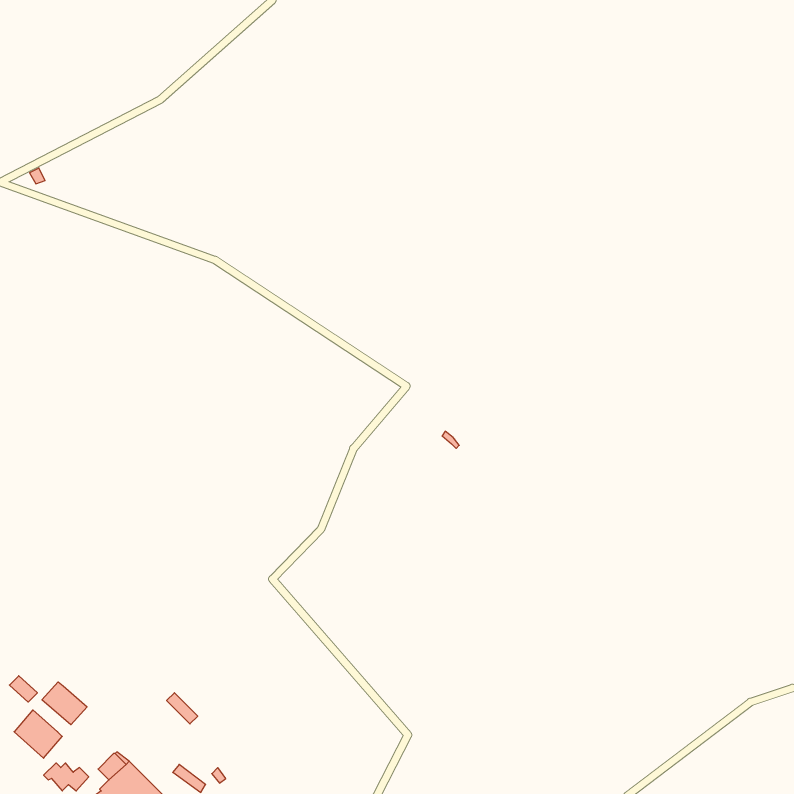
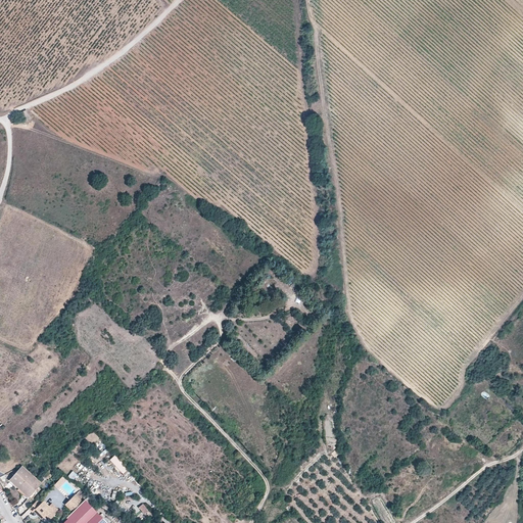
building: [42,682,87,725] -> none

